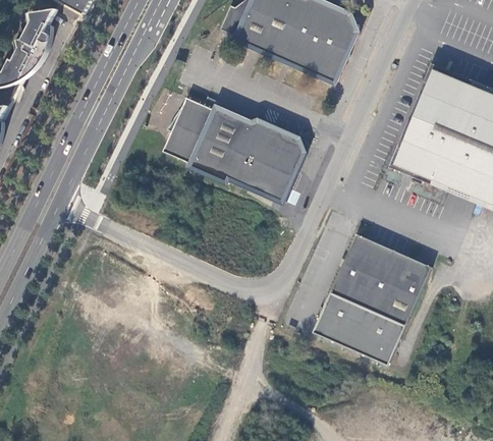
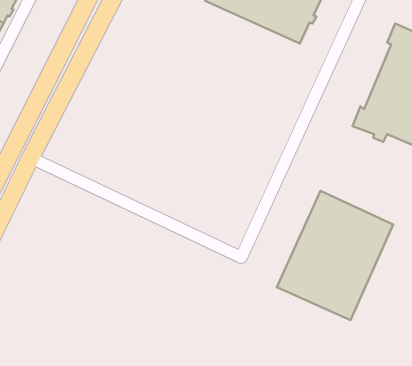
building: [163,95,305,200] -> none

